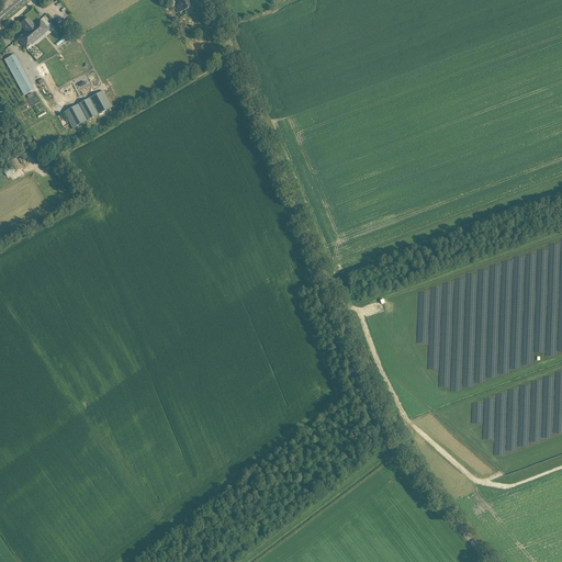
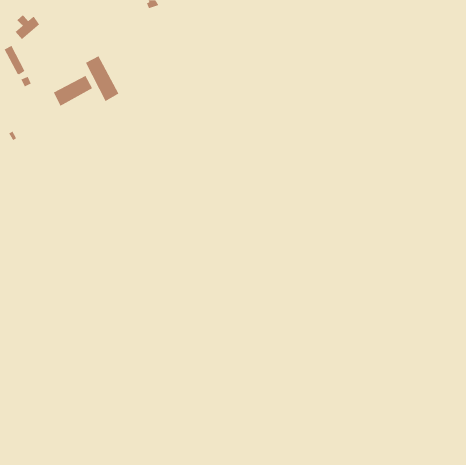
building: none -> [85,55,119,102]

